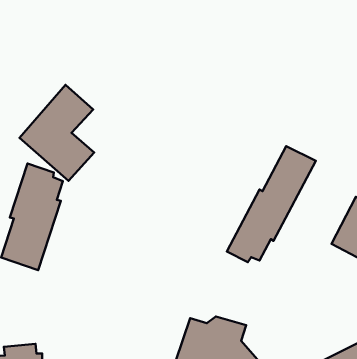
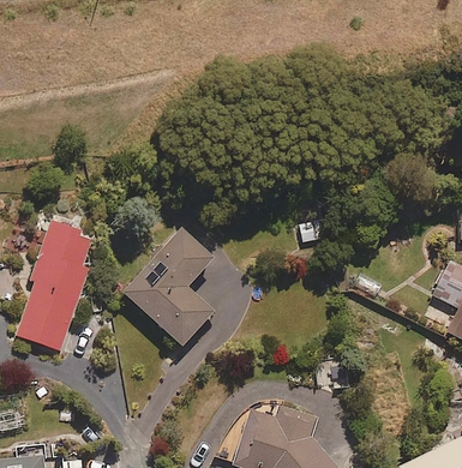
building: [20,85,94,181] -> [122,229,214,347]
building: [227,146,316,262] -> none

